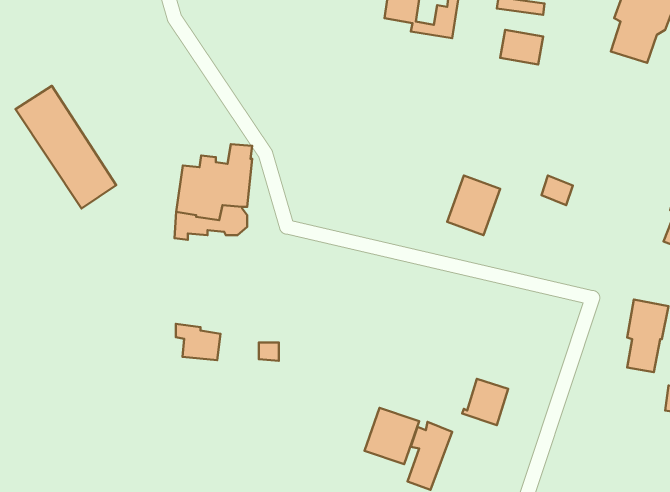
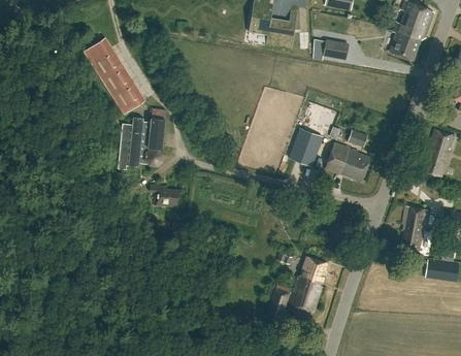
building: [16,86,116,208] -> [83,37,145,114]
building: none -> [326,143,371,182]
building: [176,324,220,360] -> [151,185,178,207]
building: [364,408,419,464] -> [289,278,323,313]

